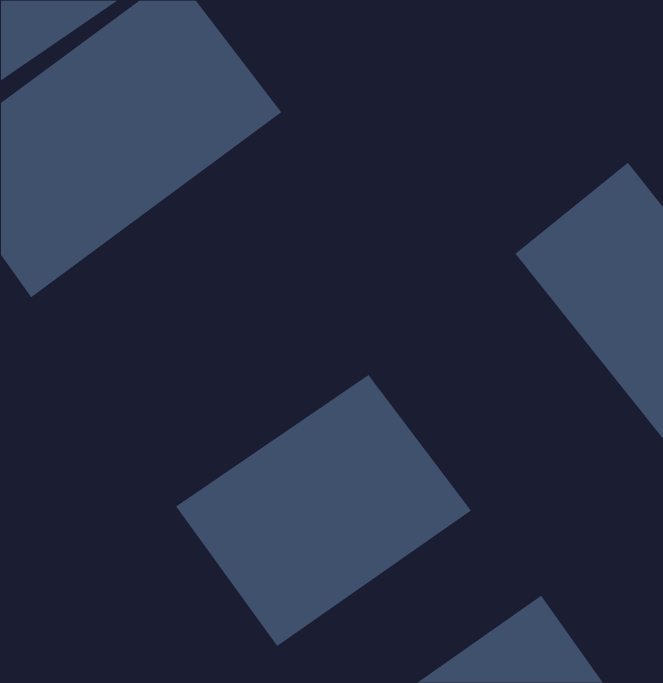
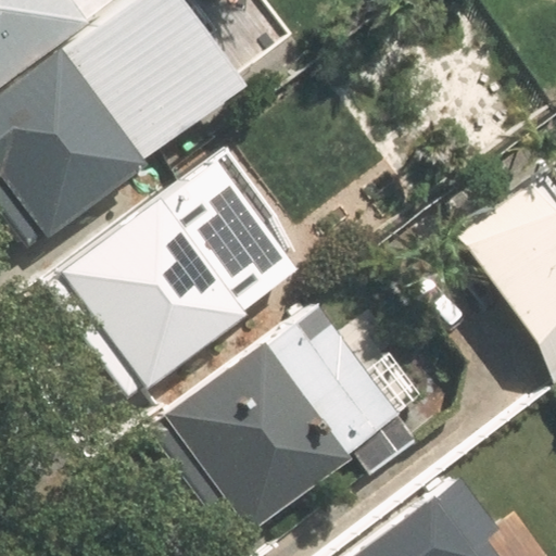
building: none -> [65,176,273,381]

